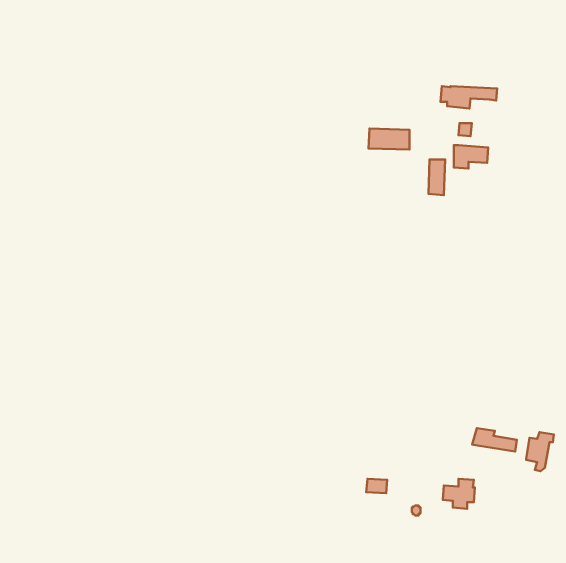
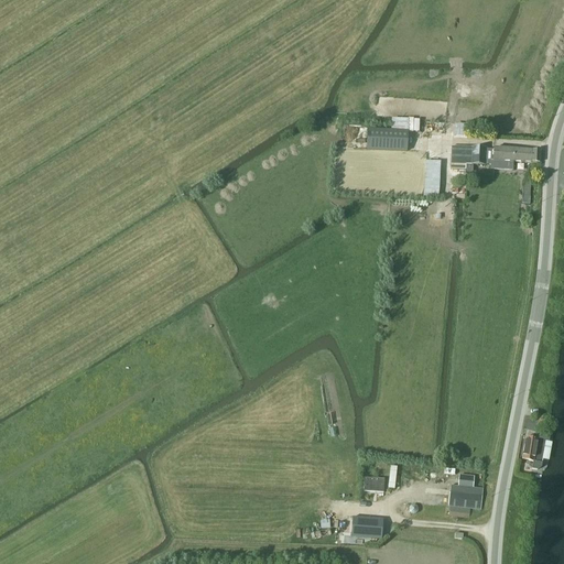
building: [441,86,497,108] -> [485,147,541,169]
building: [472,428,517,451] -> none
building: none -> [350,516,383,536]

